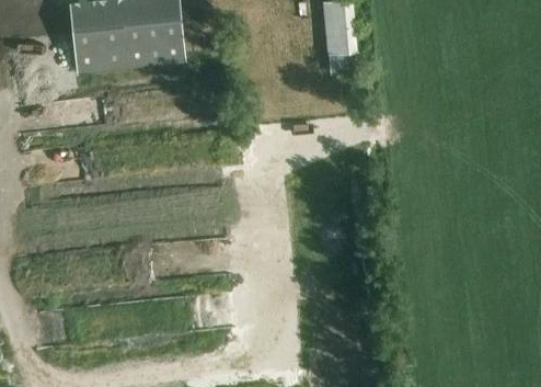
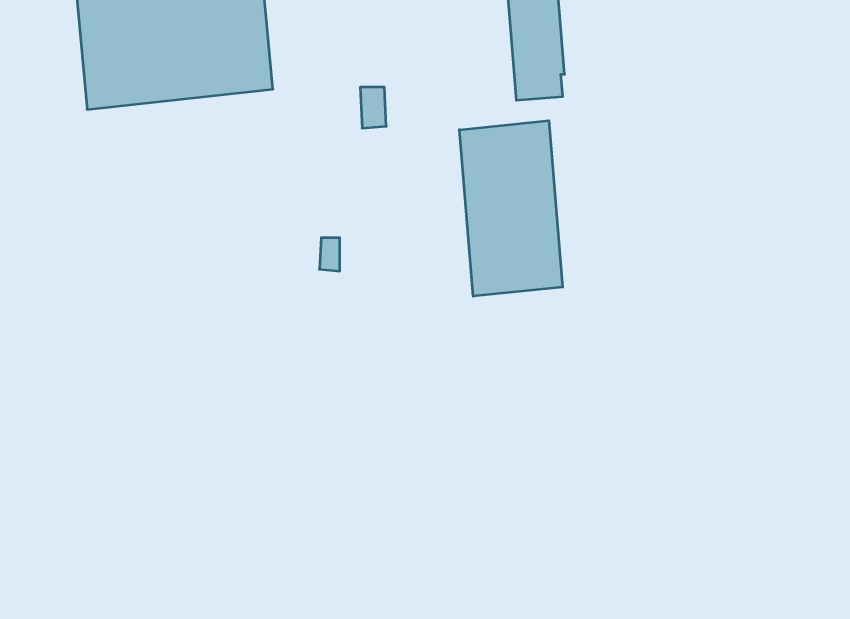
building: none -> [459,121,563,296]

